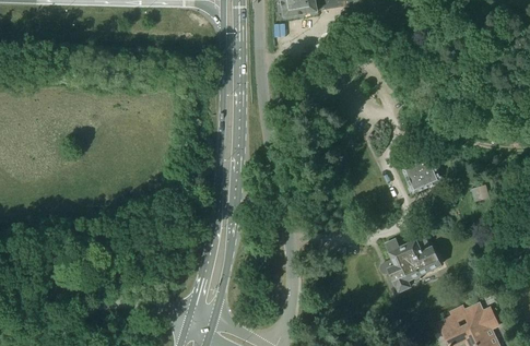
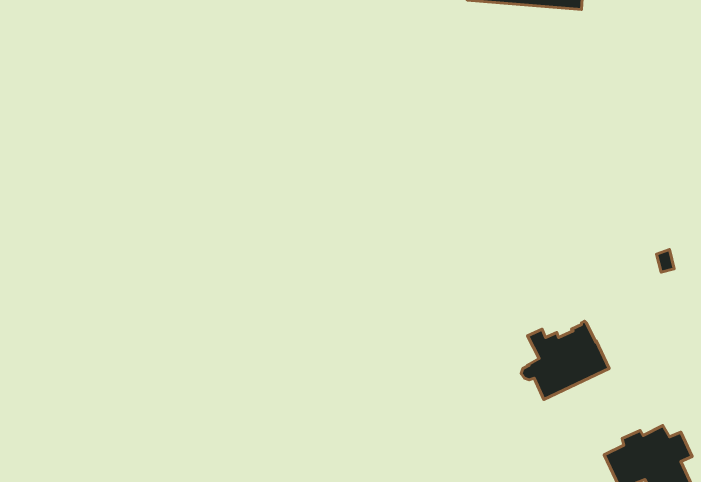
building: [402,153,443,193] -> none

